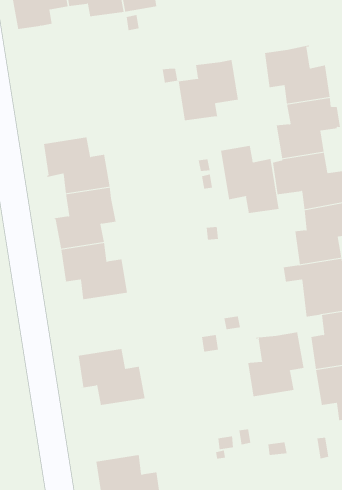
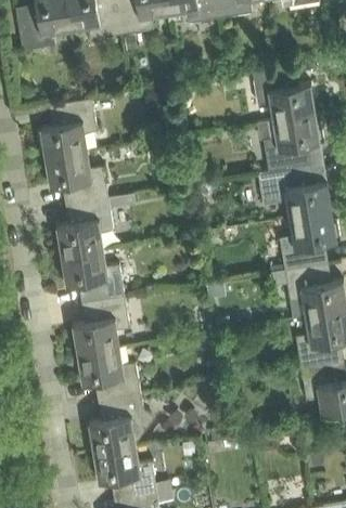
building: [178,59,239,121] -> none
building: none -> [39,96,98,156]
building: [221,143,279,214] -> none
building: none -> [72,295,129,353]
building: [246,331,304,397] -> none
building: none -> [88,393,154,452]

